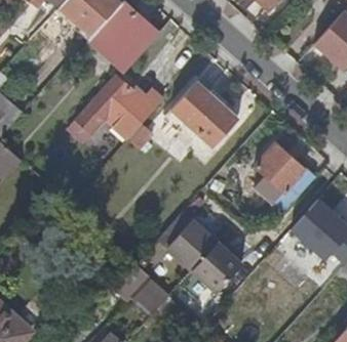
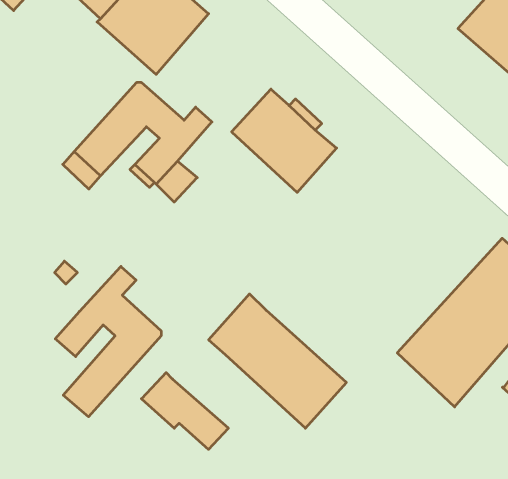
building: [255,141,317,214] -> none
building: none -> [55,266,161,417]

